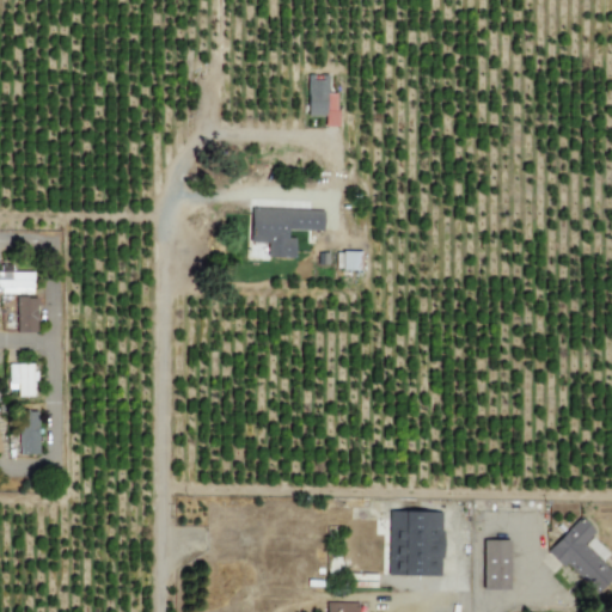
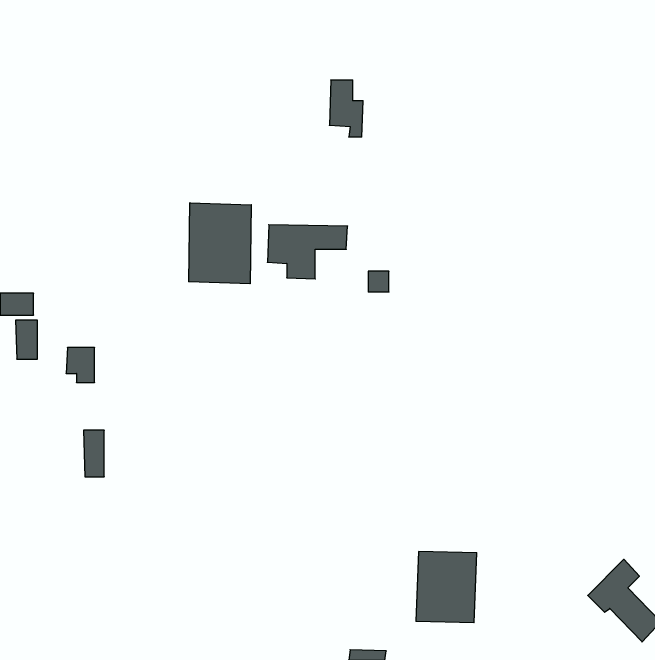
building: none -> [189,203,251,284]
building: [11,365,37,397] -> [66,348,95,382]
building: [22,411,41,454] -> [84,430,104,477]
building: [485,539,513,590] -> none

